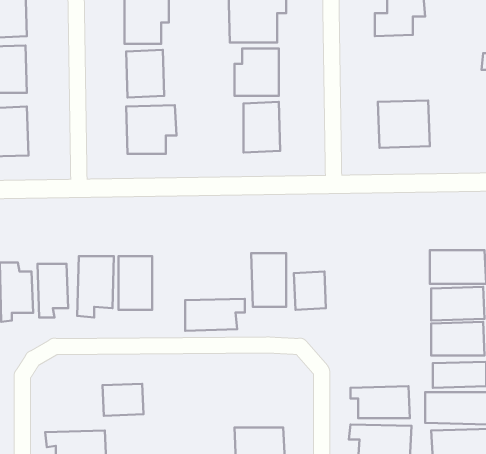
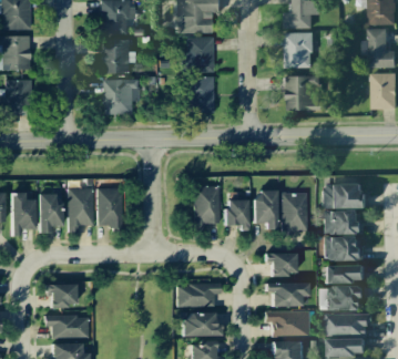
building: none -> [284,32,313,68]
building: none -> [255,191,277,229]
building: none -> [282,193,308,233]
building: [185,299,245,331] -> [177,284,221,307]
building: none -> [268,253,297,275]
building: [102,384,144,416] -> [48,284,78,307]

